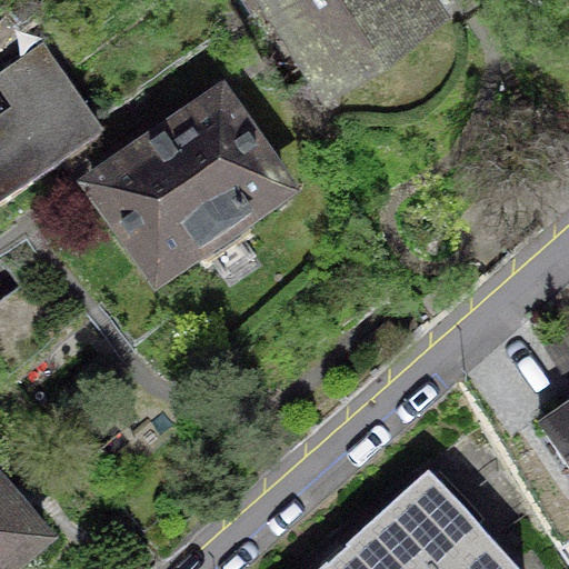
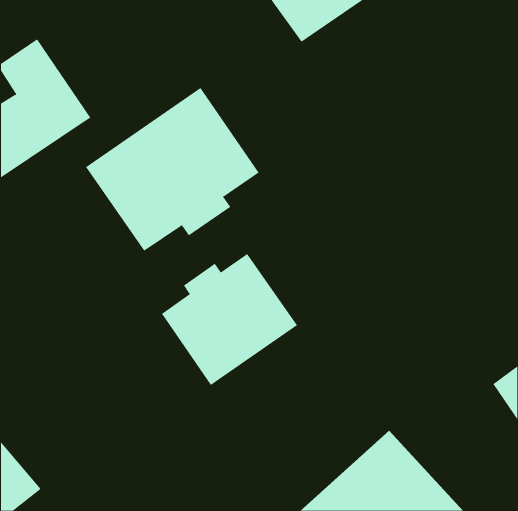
building: none -> [161,253,298,386]

